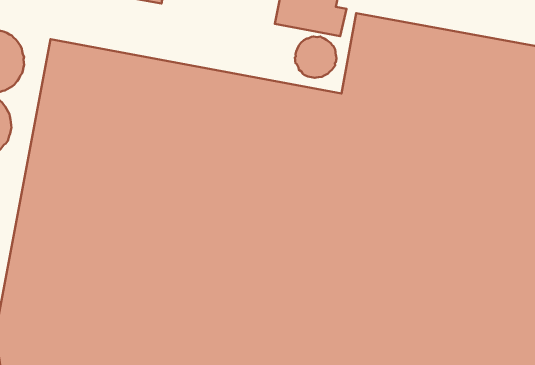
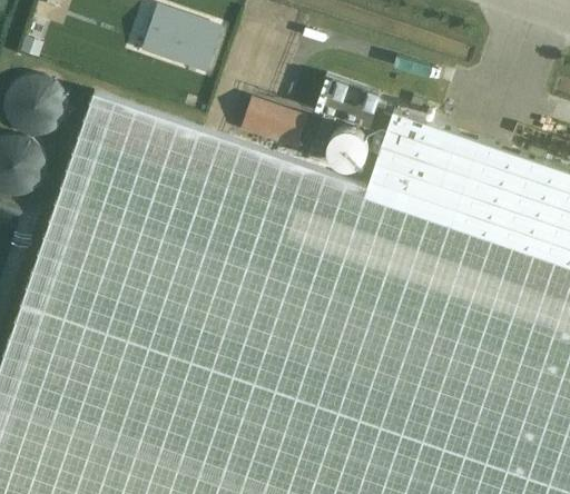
building: none -> [247,95,315,147]

